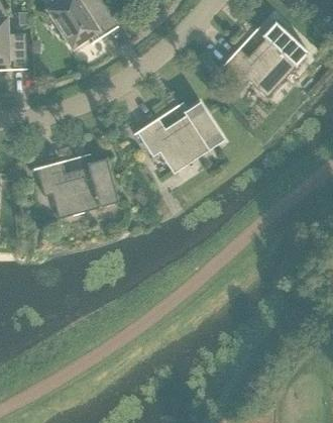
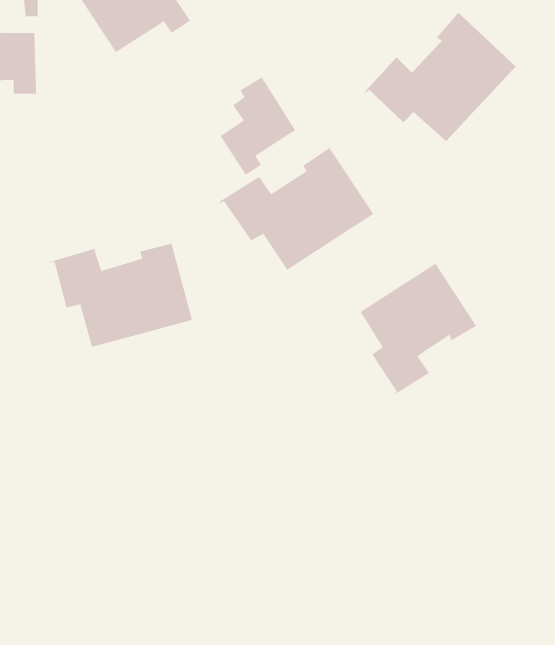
building: none -> [220,76,296,176]
building: none -> [360,263,477,396]

